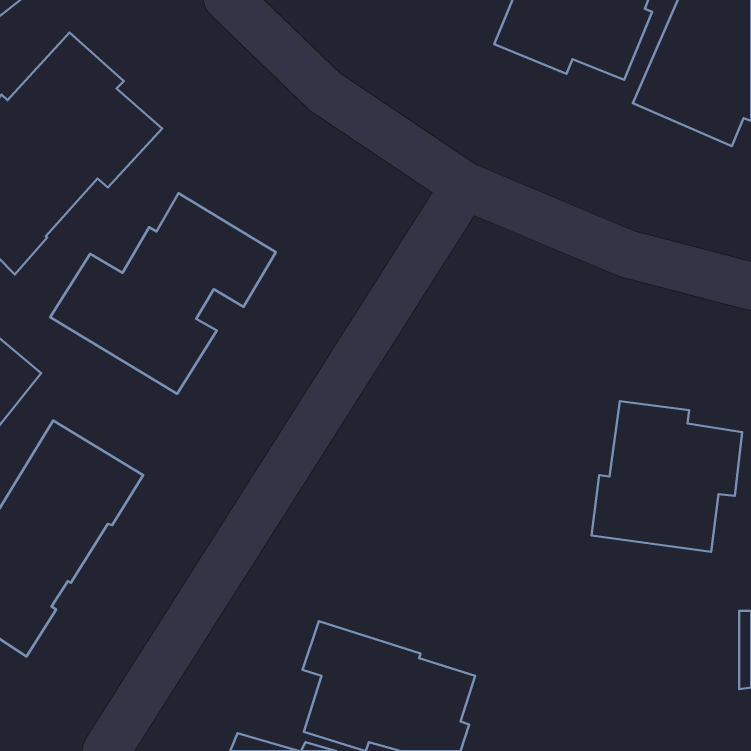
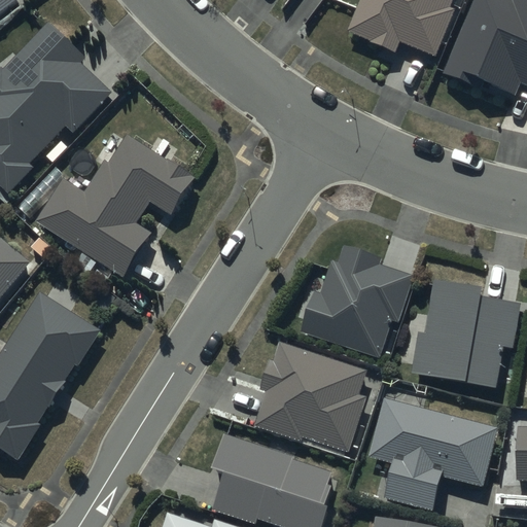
building: none -> [300,246,411,356]
building: none -> [253,341,366,452]
building: none -> [367,397,497,510]

